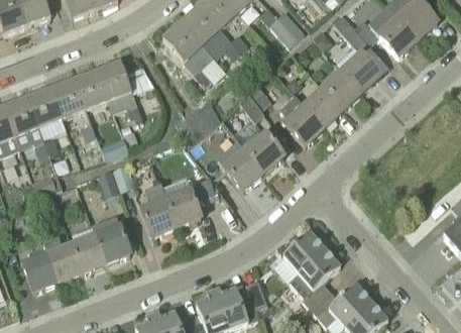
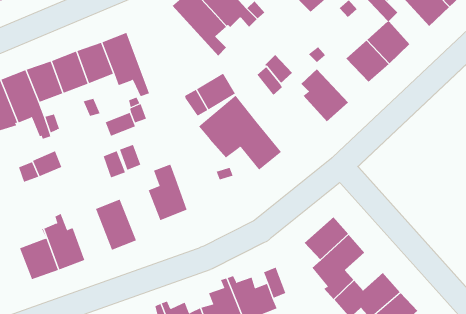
building: [296,87,343,127] -> none
building: [241,132,283,173] -> none
building: [166,189,201,226] -> none
building: [72,225,107,272] -> none

